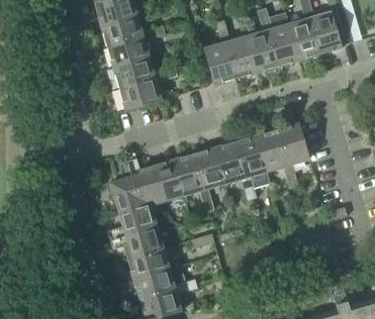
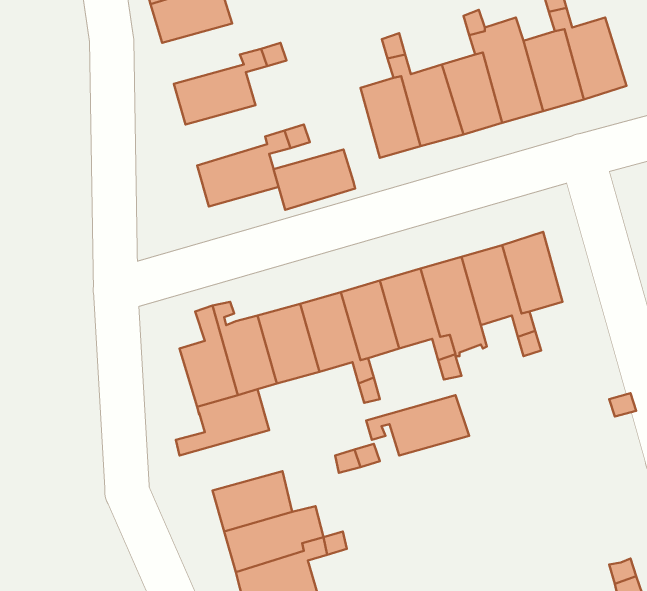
building: [100,14,143,45] -> none
building: [112,57,155,88] -> [274,150,355,210]
building: [109,225,163,256] -> [366,395,469,455]

